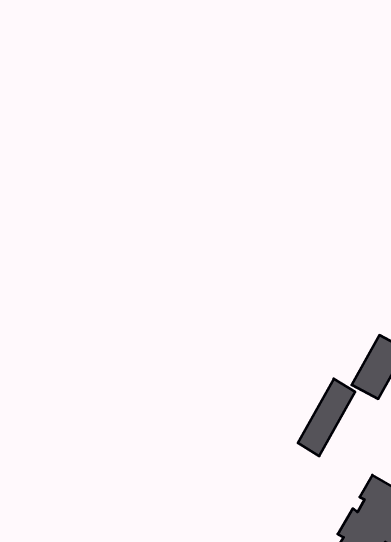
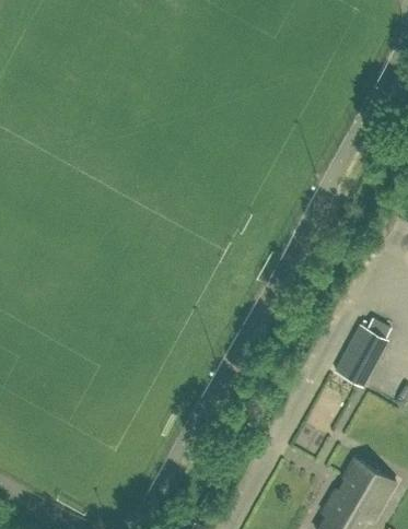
building: [298,379,355,456] -> none

